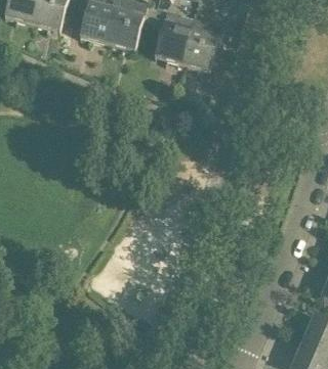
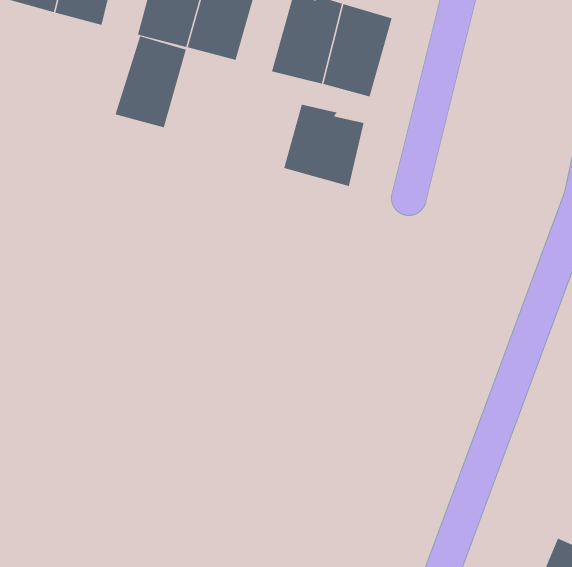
building: none -> [115,35,187,128]
building: none -> [283,104,364,187]

